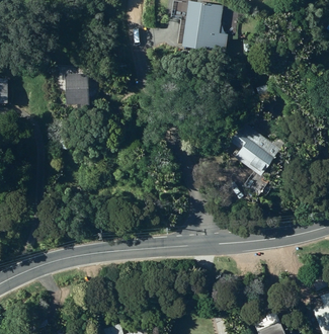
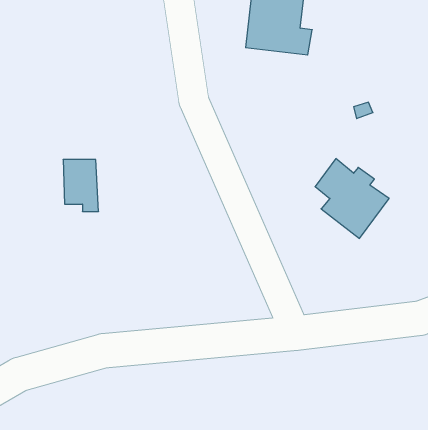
building: [67,73,91,108] -> [63,160,99,211]

